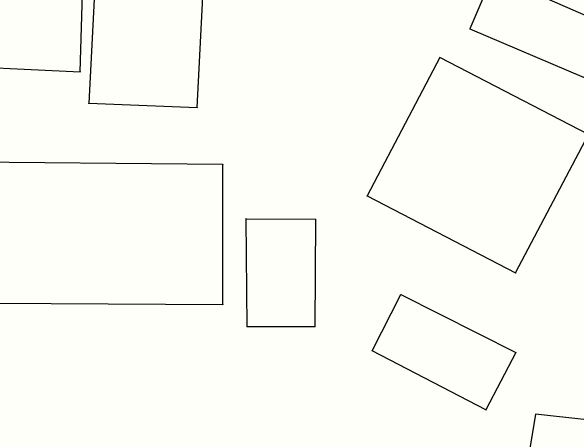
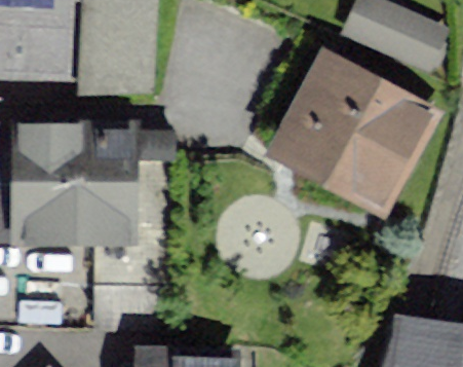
building: [246,219,316,327] -> none
building: [372,295,516,410] -> none

